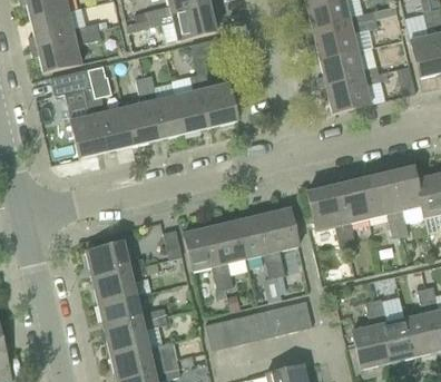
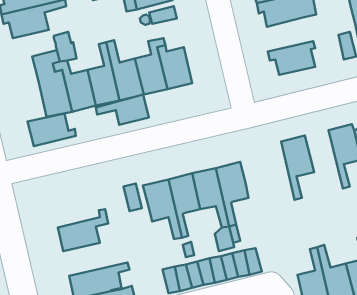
building: [316,49,379,86] -> none
building: [50,68,90,94] -> none
building: none -> [96,95,149,125]
building: [360,172,401,237] -> none
building: [307,184,349,249] -> none
building: [85,242,137,277] -> [28,113,76,146]
building: [97,294,167,330] -> none

